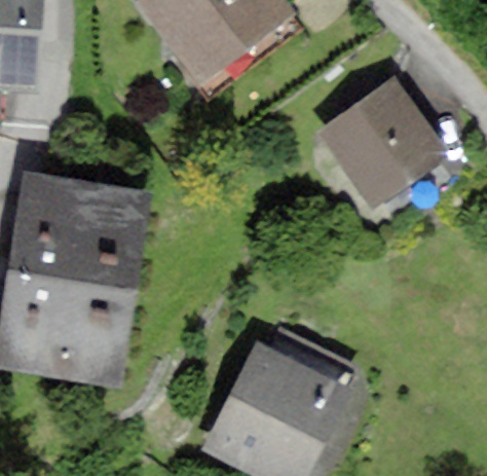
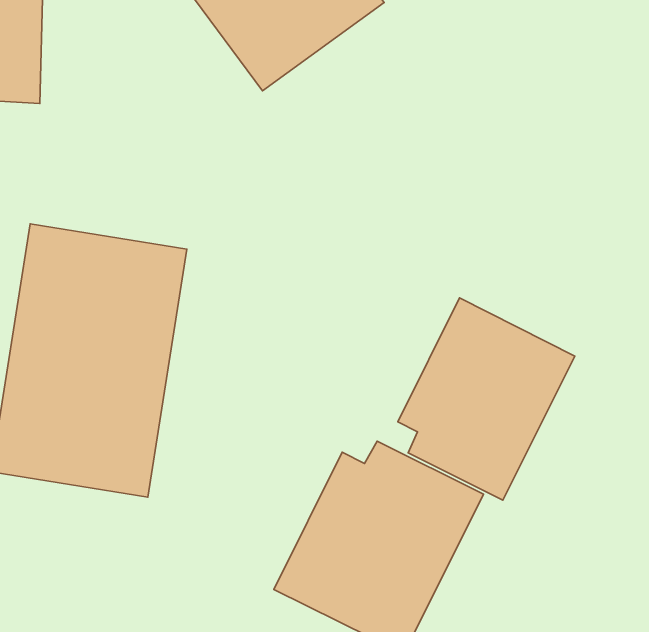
building: [324,82,439,197] -> none
building: none -> [398,298,575,500]

